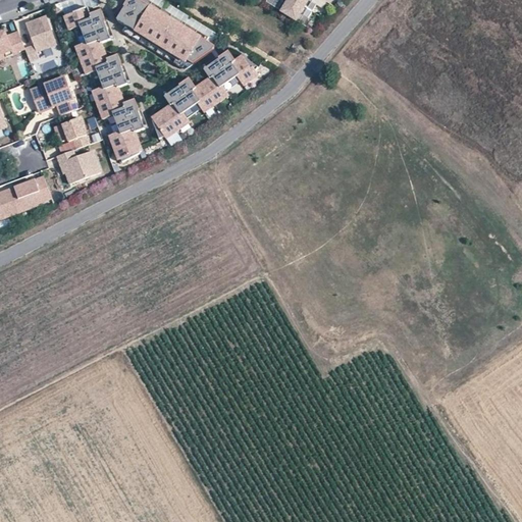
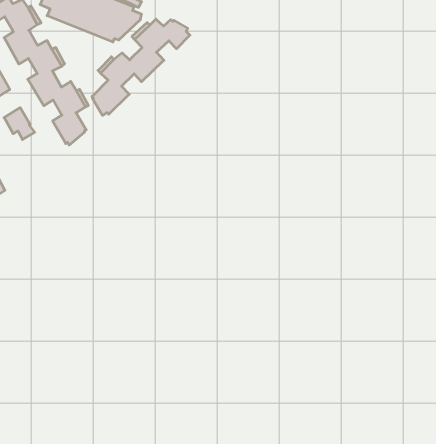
building: [56,149,99,184] -> none

